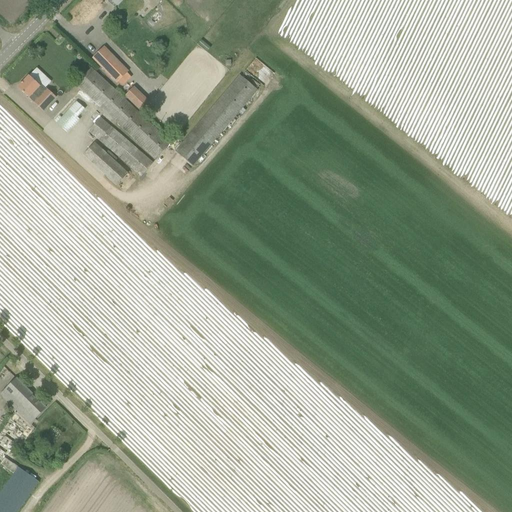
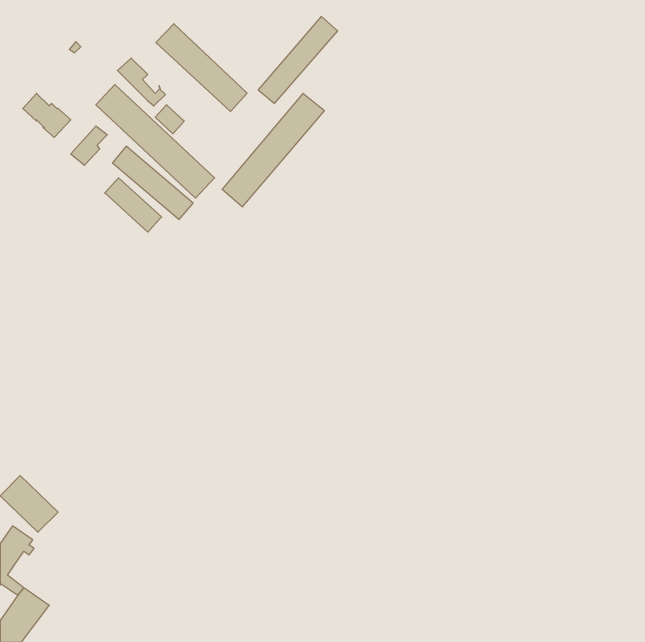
building: none -> [258,17,338,104]
building: none -> [156,24,247,112]

